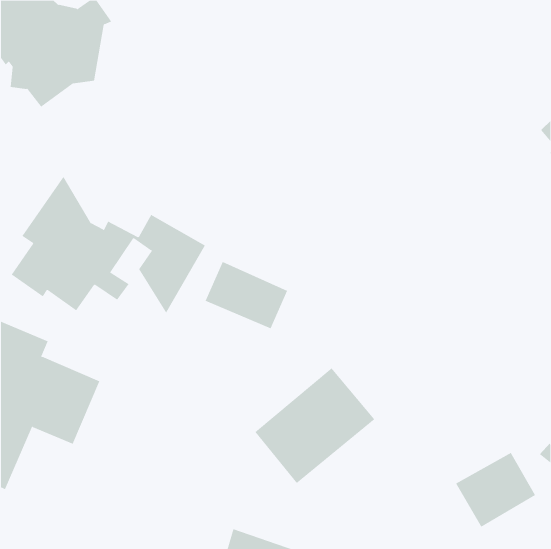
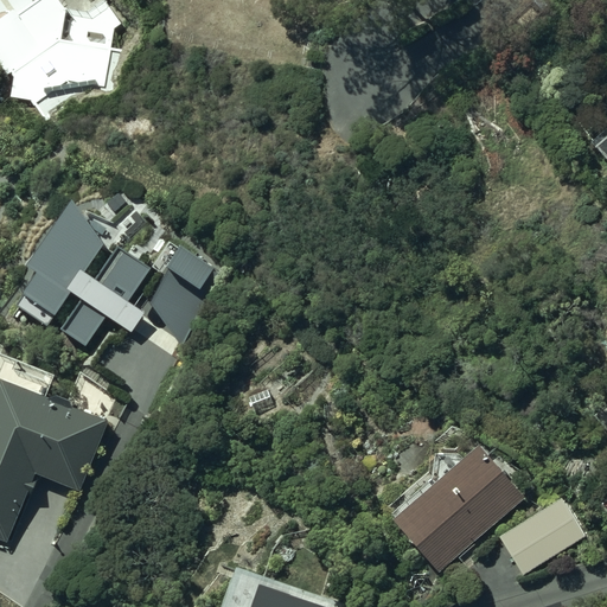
building: [205,261,288,329] -> none
building: [254,368,375,484] -> [391,442,524,570]

